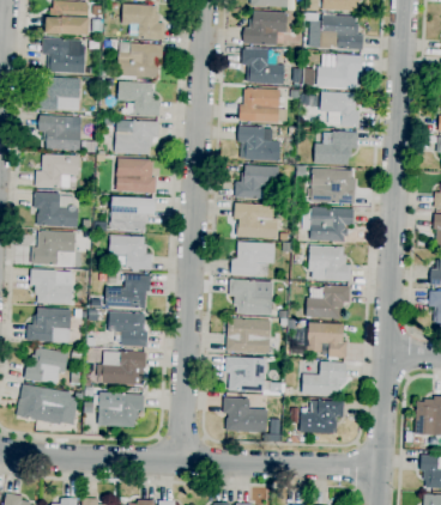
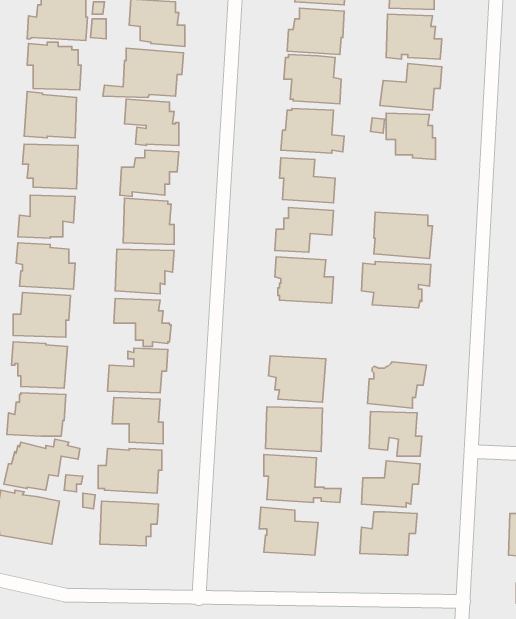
building: [314,130,358,164] -> none
building: [230,241,276,275] -> none
building: [308,244,352,281] -> none

